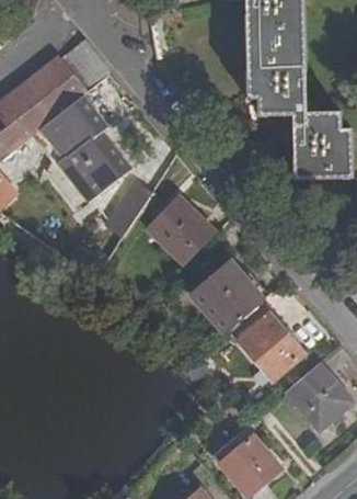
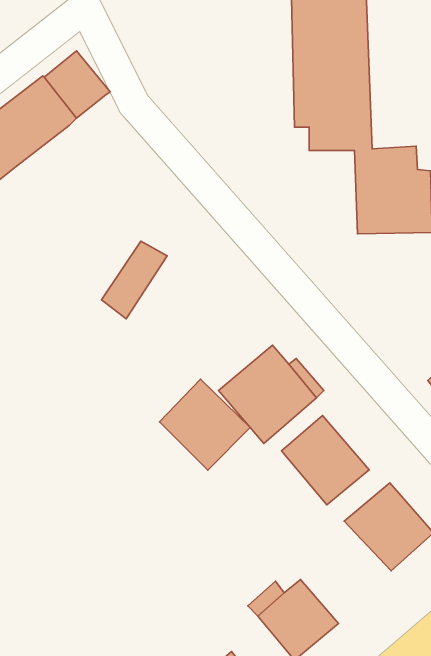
building: [41,97,128,202] -> none
building: [148,197,216,265] -> [159,379,250,470]

